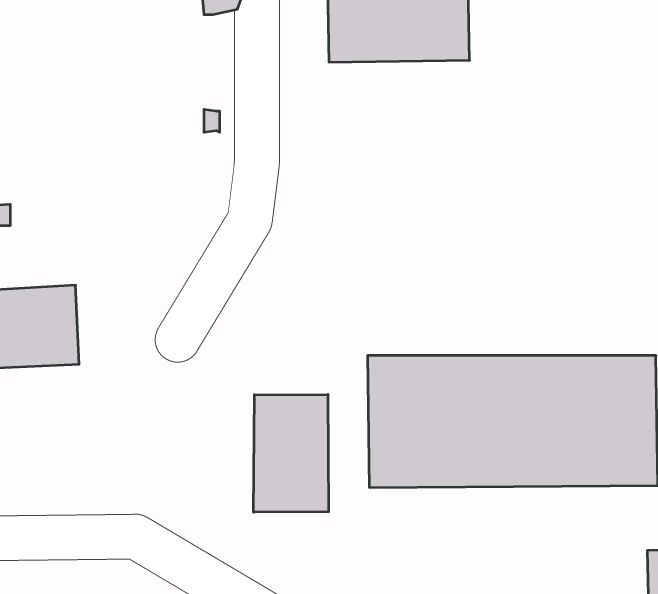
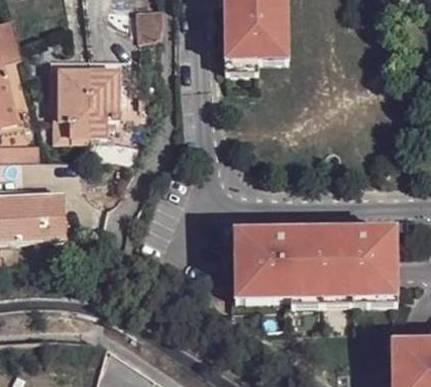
building: none -> [59,66,121,133]
building: [254,394,329,512] -> none

